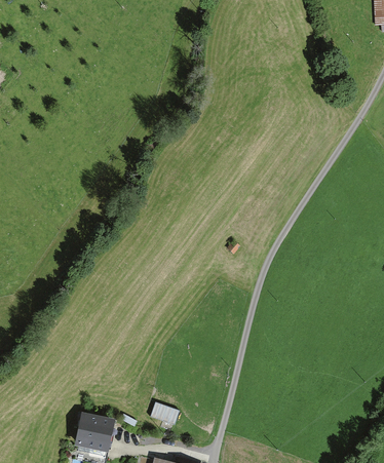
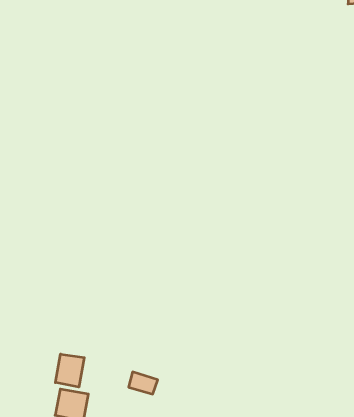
building: none -> [55,354,84,387]

